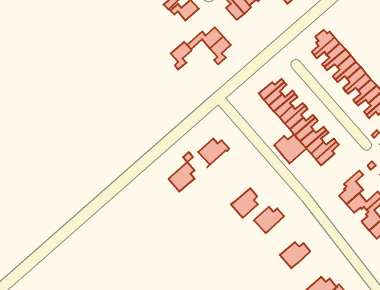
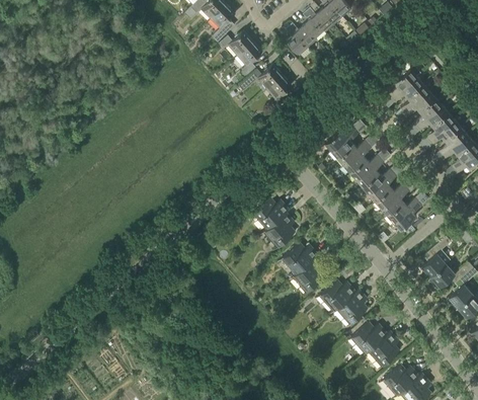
building: [171,42,192,70] -> [237,41,262,74]
building: [274,135,307,164] -> none
building: [169,162,195,192] -> [263,211,295,246]
building: none -> [282,242,318,273]
building: none -> [336,288,368,323]
building: none -> [368,329,399,366]

